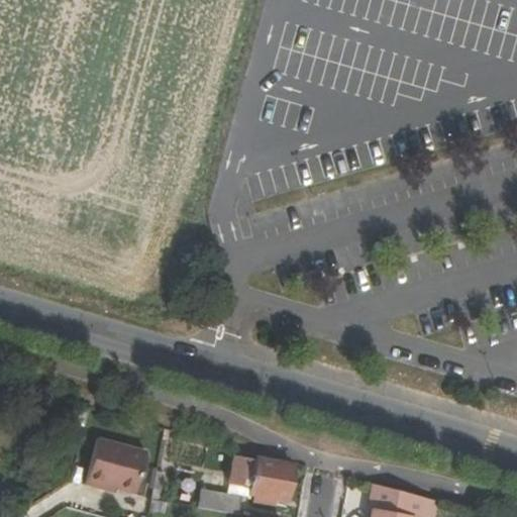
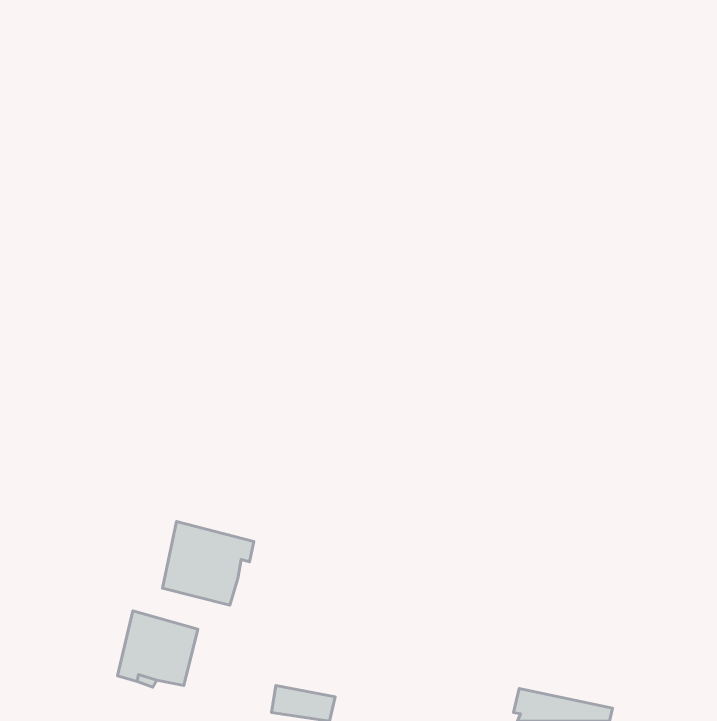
building: none -> [162,521,254,605]
building: [231,455,295,507] -> none

